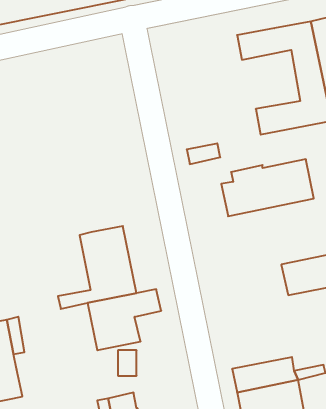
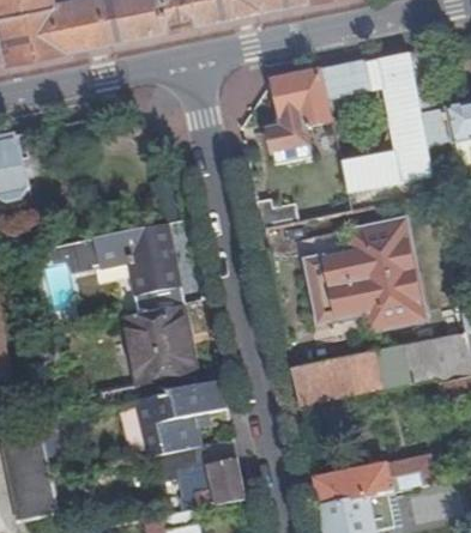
building: none -> [267,71,330,163]
building: none -> [50,222,180,310]
building: none -> [308,269,422,339]
building: none -> [291,350,381,404]
building: none -> [195,436,244,505]

